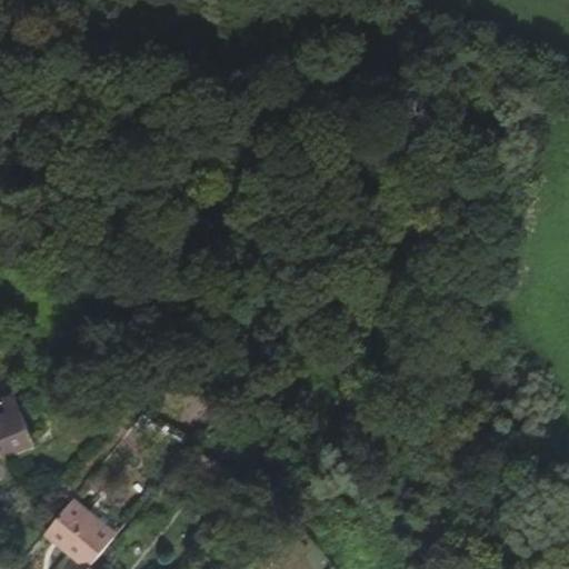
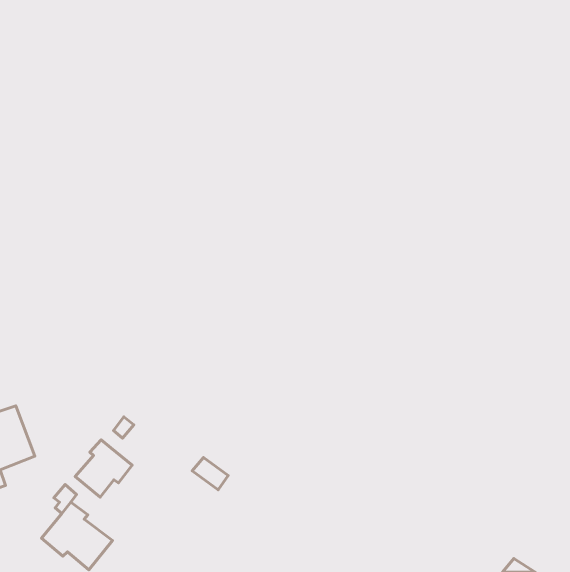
building: none -> [75,440,132,497]

